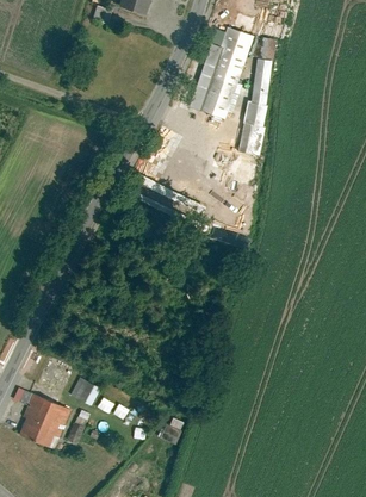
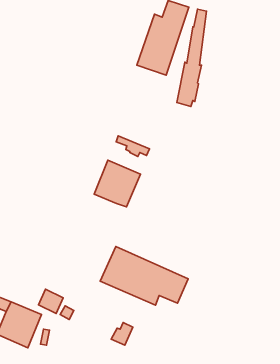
building: none -> [94,160,140,207]
building: none -> [100,246,188,305]

